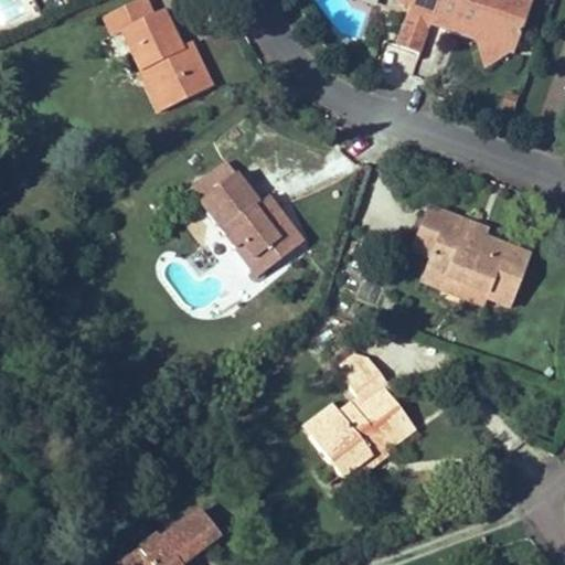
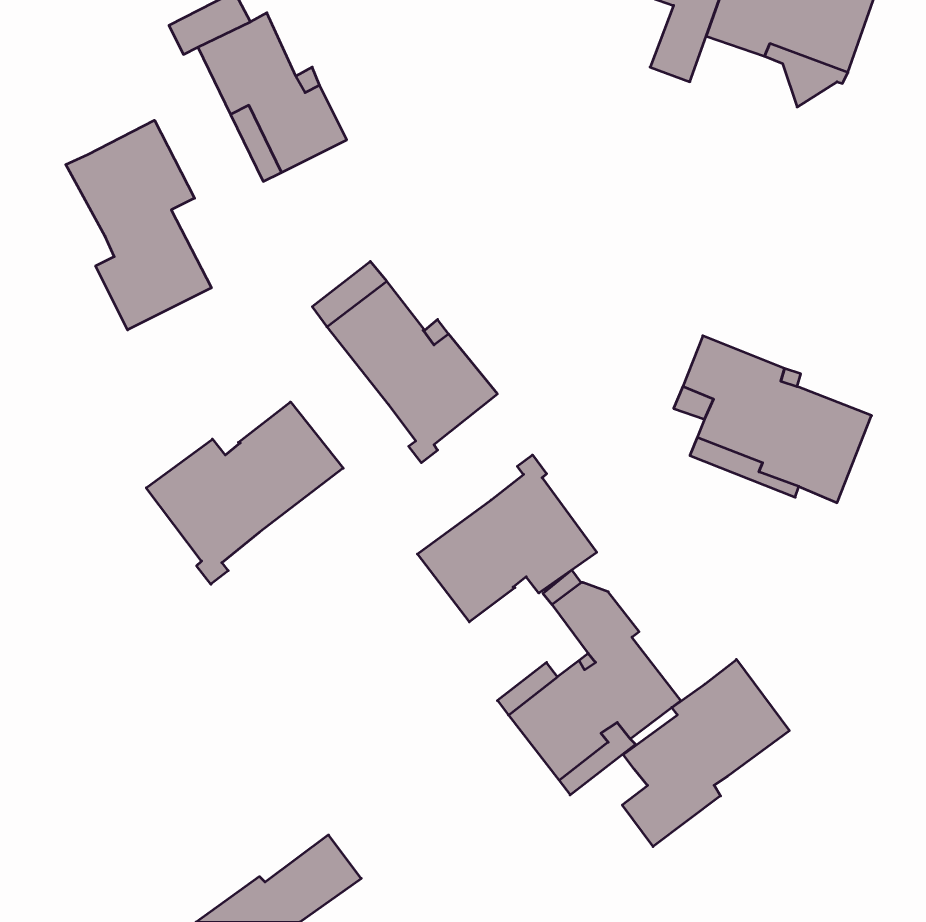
building: none -> [66,120,211,330]
building: none -> [146,402,343,584]
building: none -> [417,455,597,622]
building: none -> [622,659,789,847]

